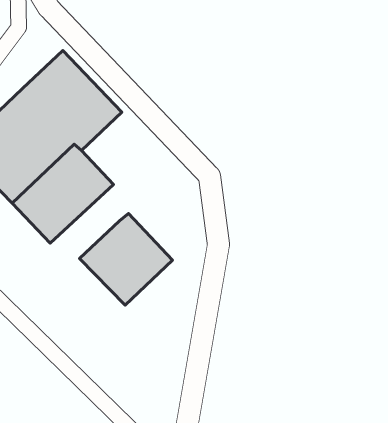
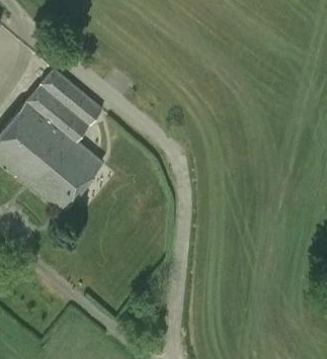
building: [80,213,172,305] -> none

